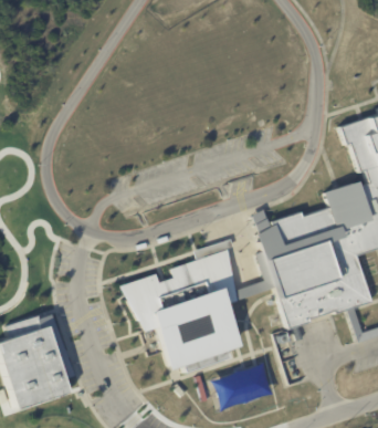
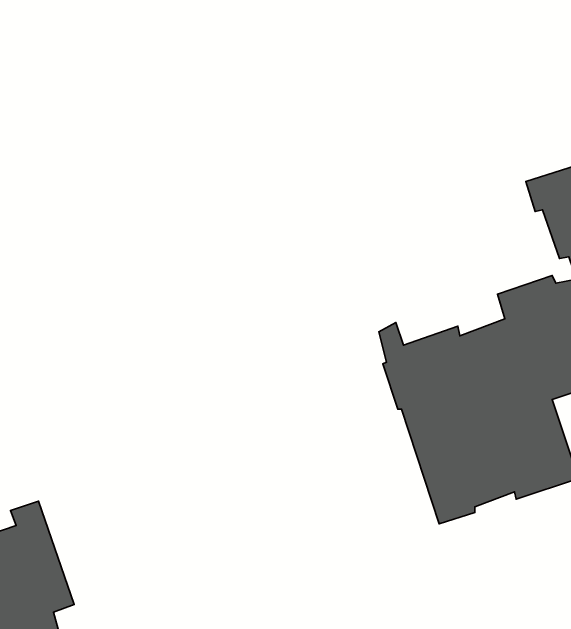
building: [119,248,239,370] -> none

